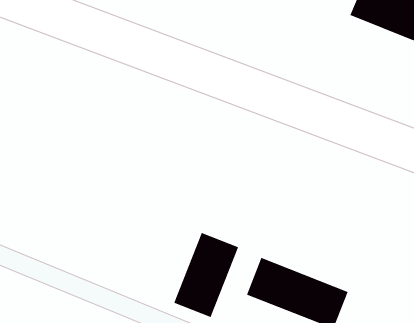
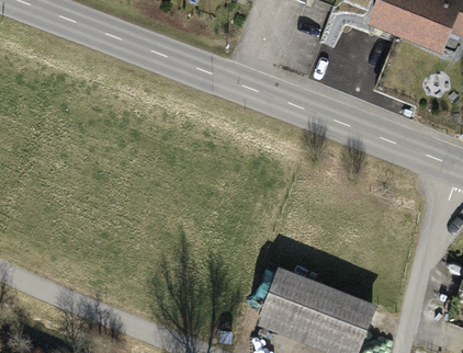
building: [174,232,239,318] -> none

